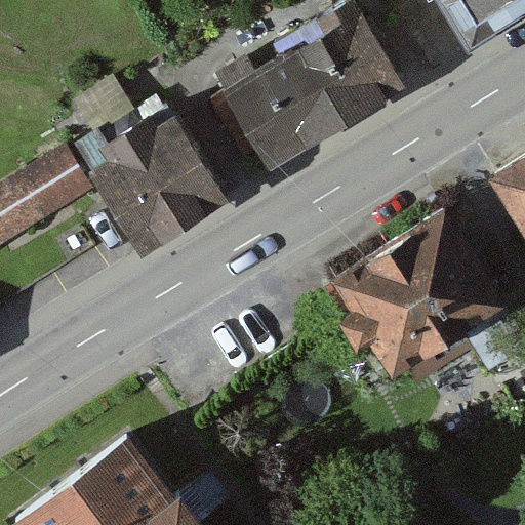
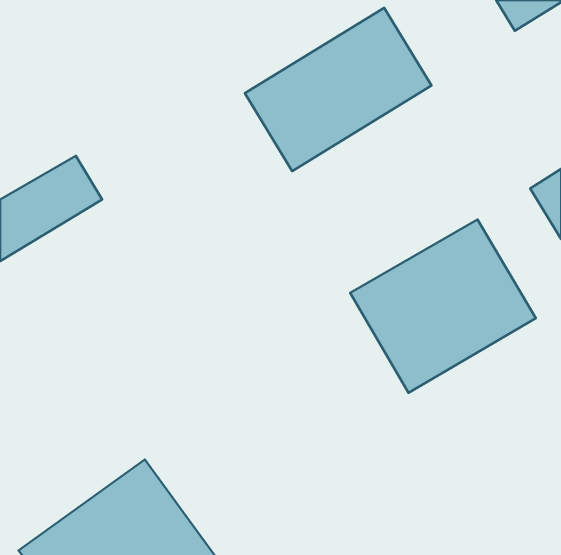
building: [91,116,226,250] -> none

